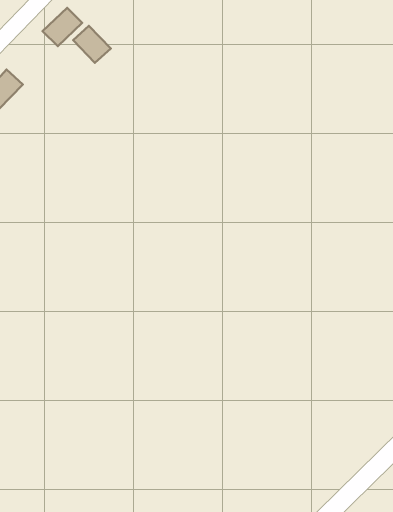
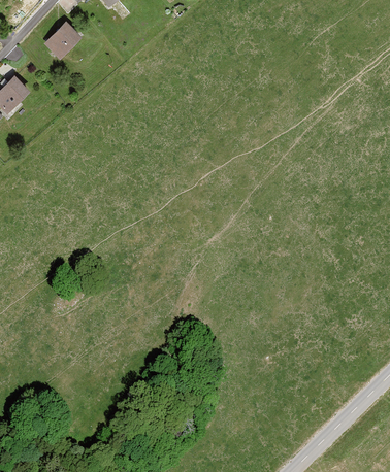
building: [73,26,111,63] -> none

